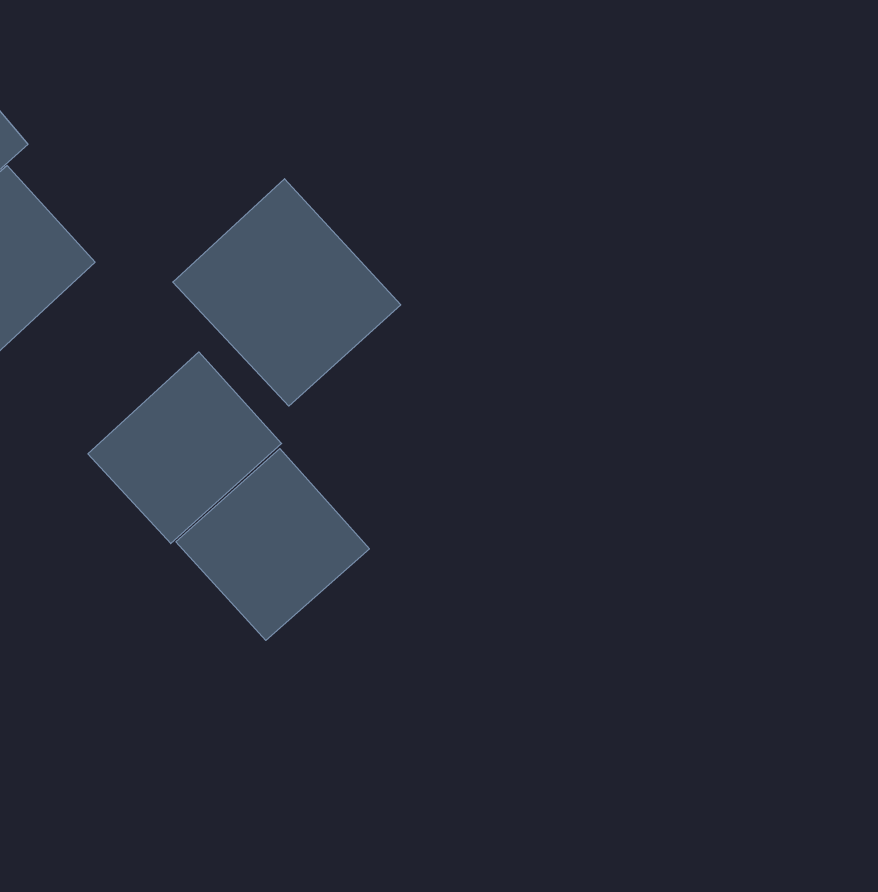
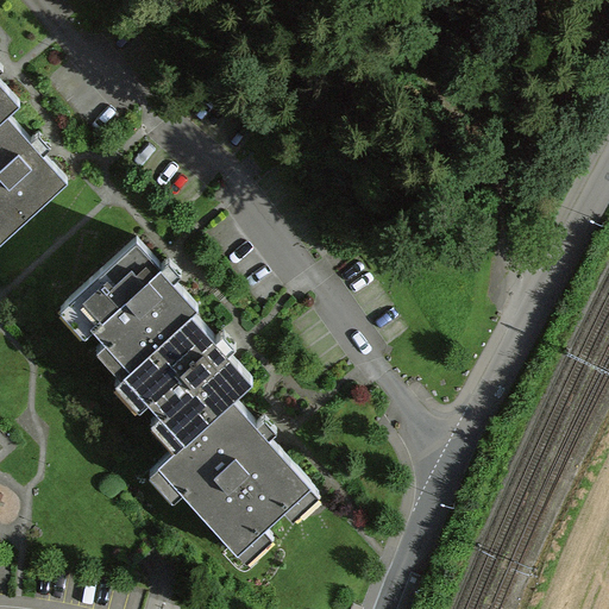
building: [173,179,401,406] -> none
building: none -> [152,398,315,563]

